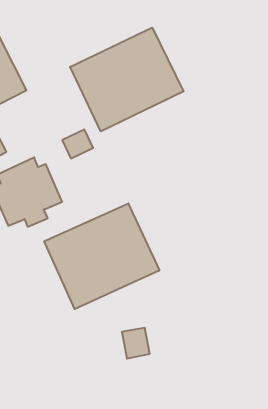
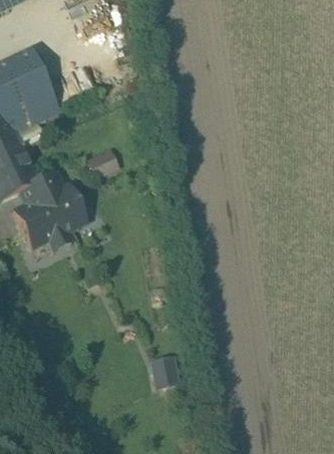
building: [70,28,184,131] -> none
building: [44,203,159,309] -> none

